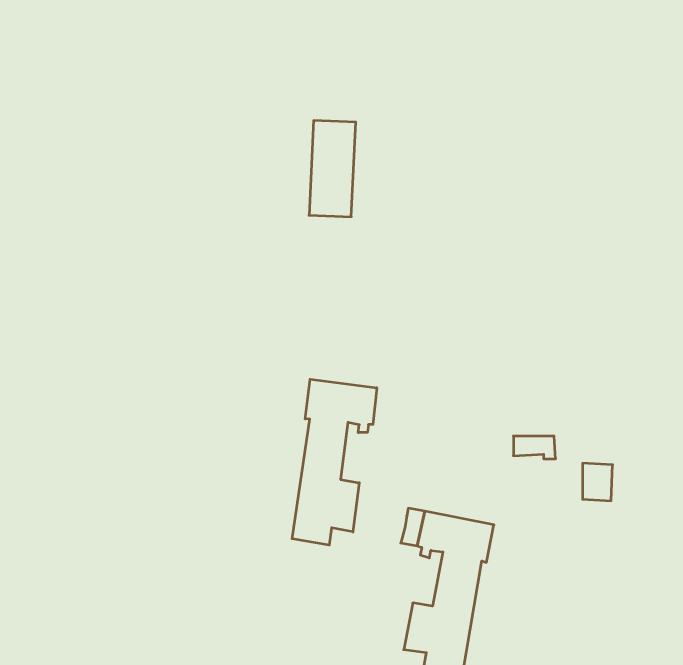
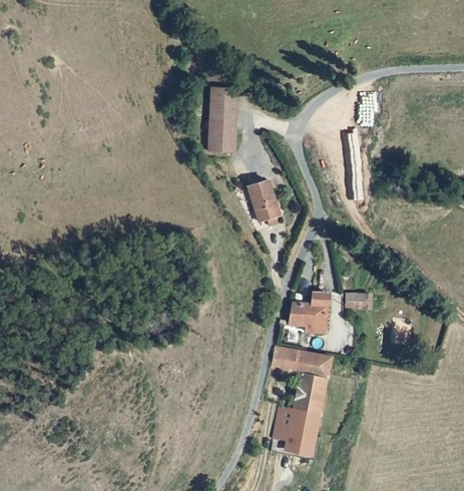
building: none -> [251,178,278,219]
building: [292,379,377,545] -> none
building: none -> [287,292,328,335]

